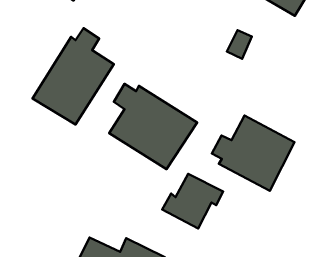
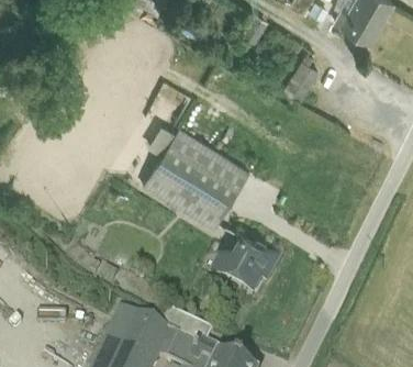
building: [32,28,114,125] -> none
building: [212,115,294,191] -> none

